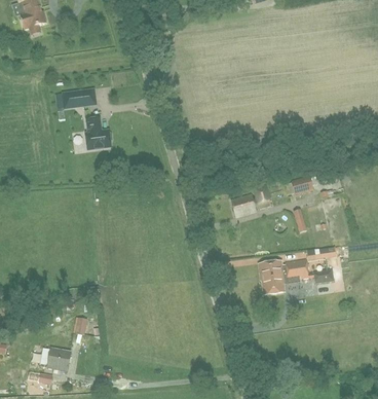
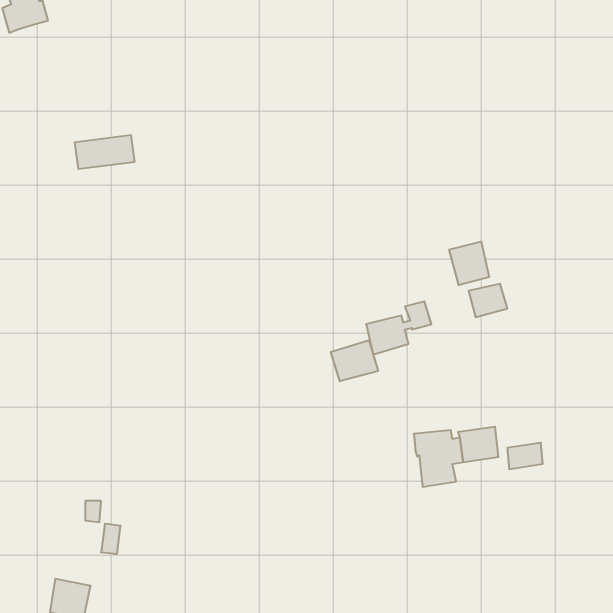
building: [85,117,111,148] -> none
building: none -> [449,241,489,285]
building: none -> [331,340,378,381]

